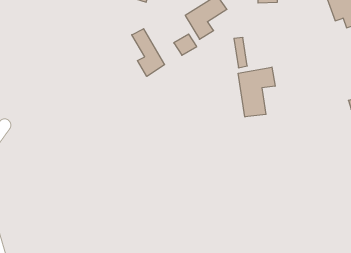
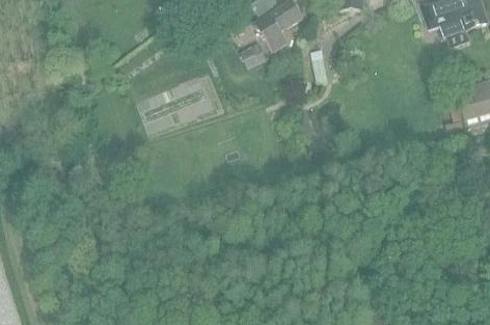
building: [132,29,165,76] -> none
building: [238,67,275,117] -> none

